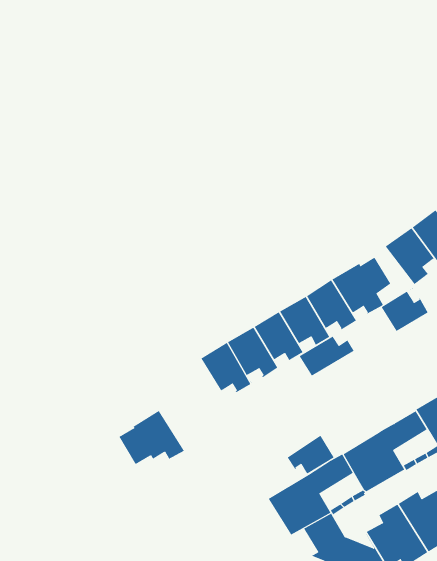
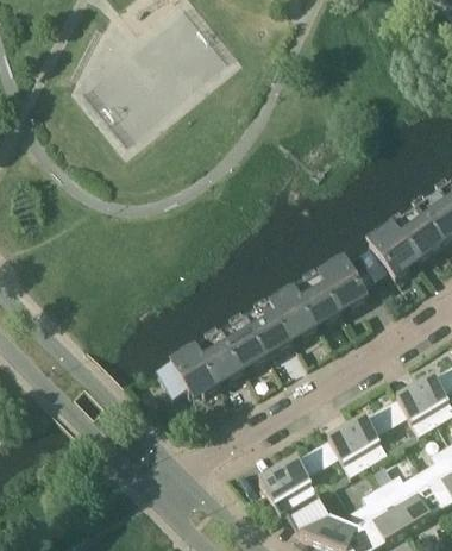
building: [381,287,428,332] -> none
building: [299,330,354,376] -> none
building: [119,410,185,465] -> [158,349,220,400]
building: [287,435,335,479] -> none

